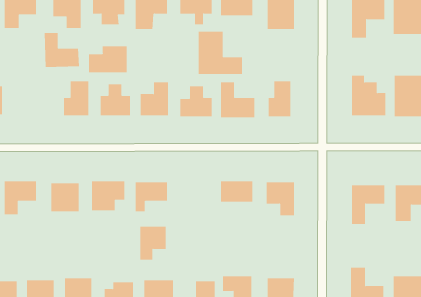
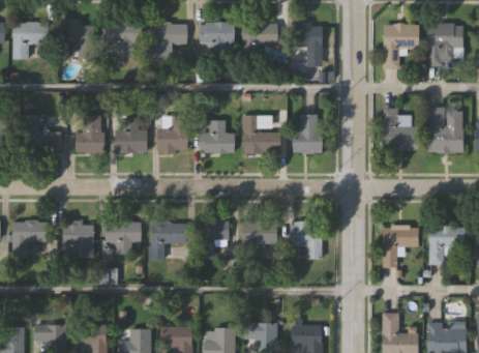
building: [198,31,242,75] -> none
building: [44,33,80,67] -> [24,115,62,152]
building: [88,46,127,73] -> none
building: [139,226,167,260] -> [200,222,229,258]

